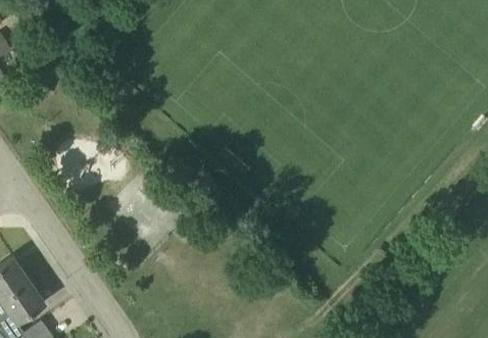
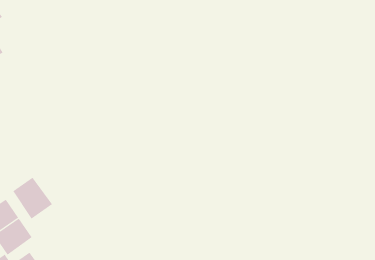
building: none -> [12,177,53,219]

